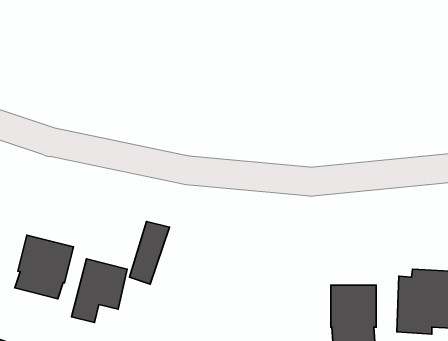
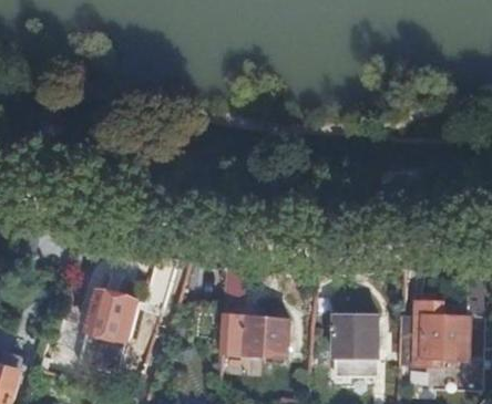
building: [15,235,73,299] -> none
building: none -> [219,269,290,358]

